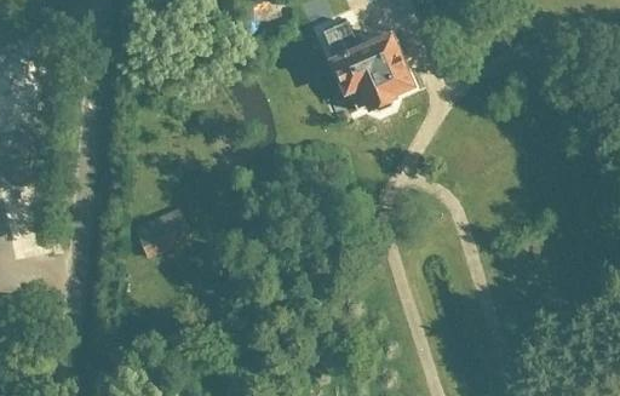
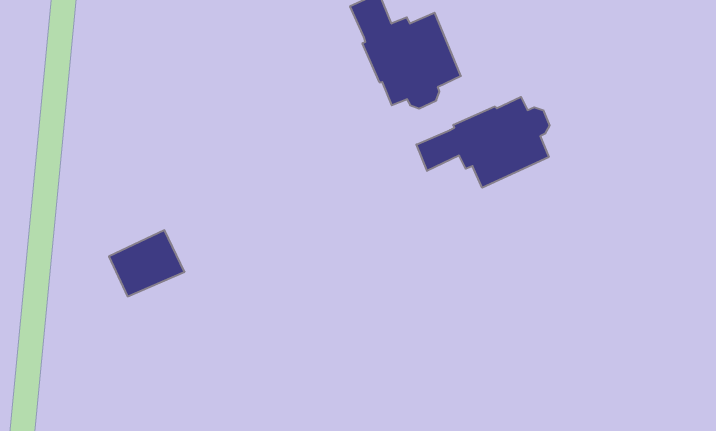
building: none -> [416,97,550,188]

